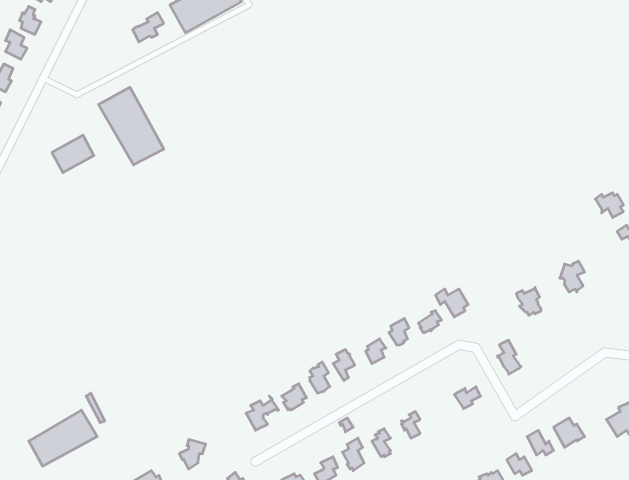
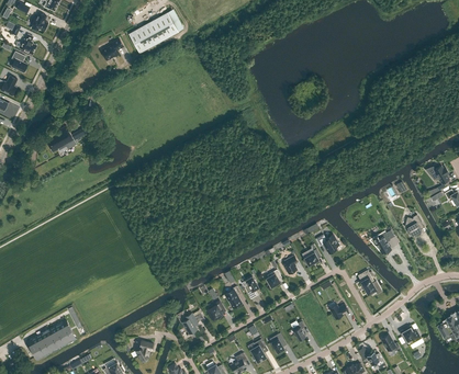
building: [99,87,164,165] -> none

